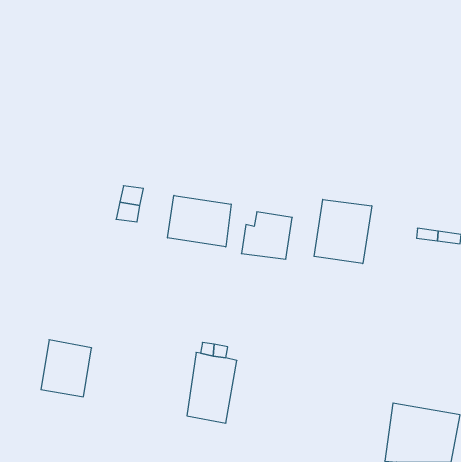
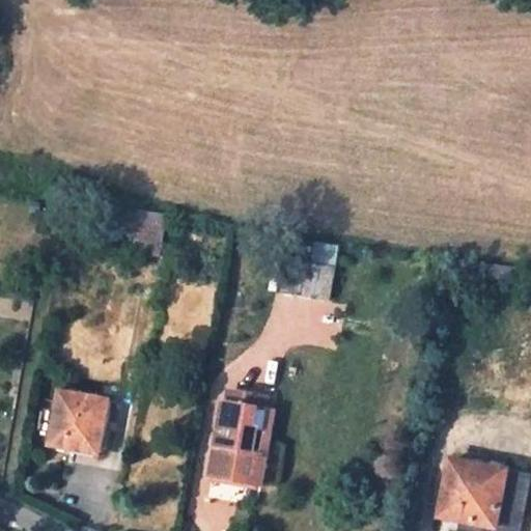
building: [168,195,231,247] -> none
building: [314,199,372,264] -> none

